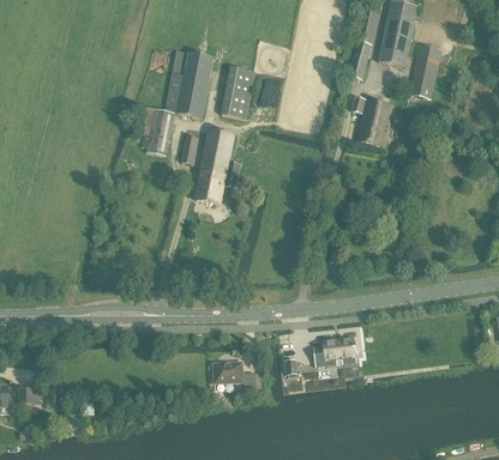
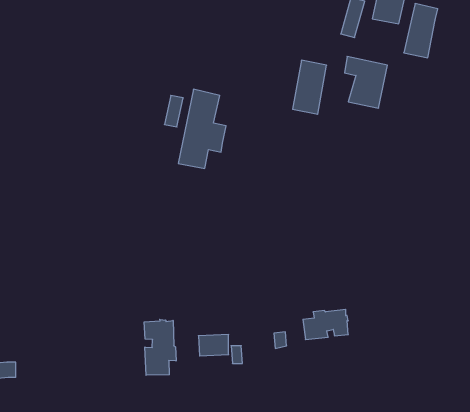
building: [137,50,212,156] -> none
building: [221,67,253,119] -> [293,60,327,114]
building: none -> [144,319,176,375]

